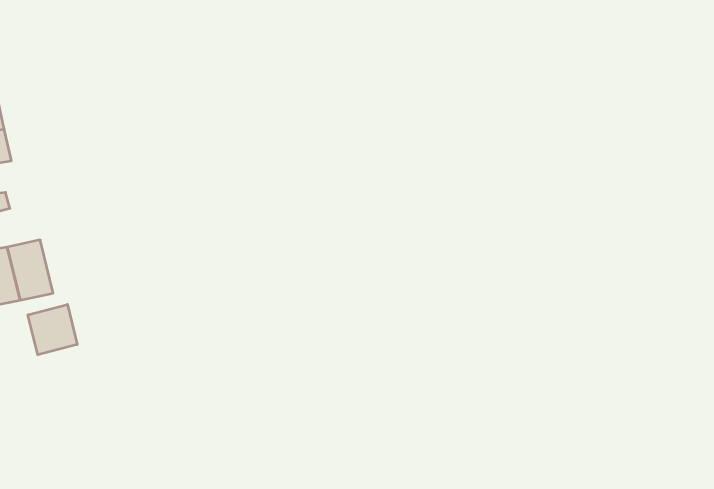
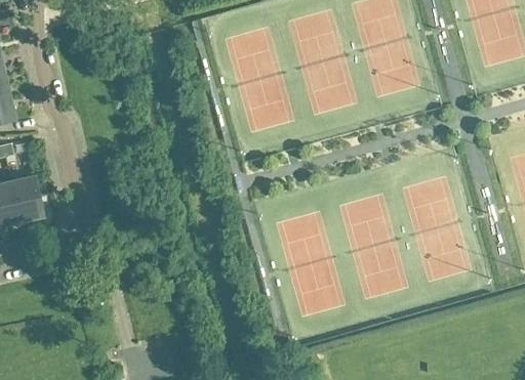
building: [28,304,77,355] -> none

